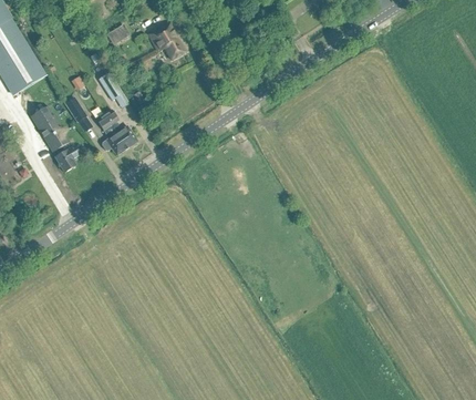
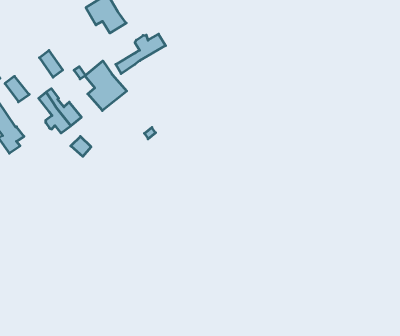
building: none -> [116,34,166,74]
building: none -> [85,61,127,111]

